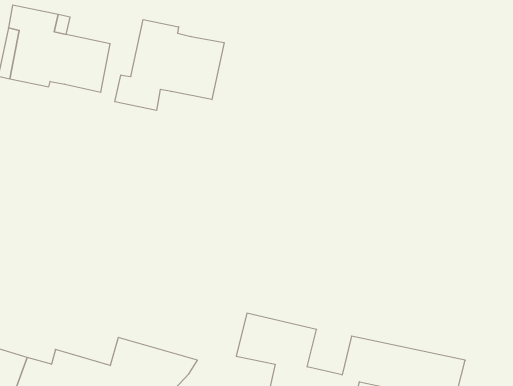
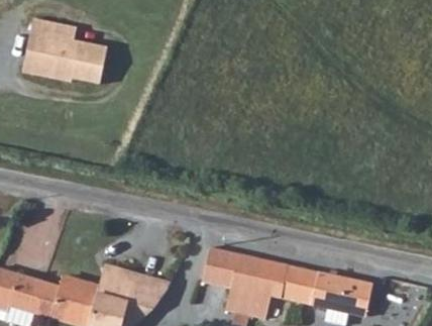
building: [115,20,224,110] -> none
building: none -> [254,259,288,294]

